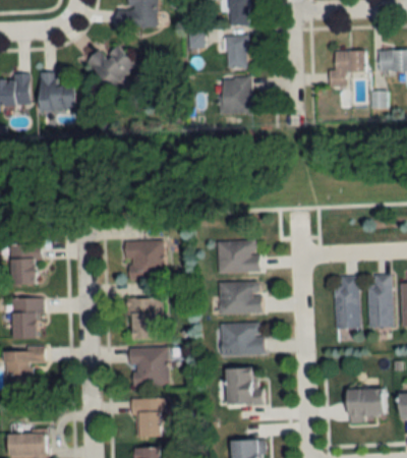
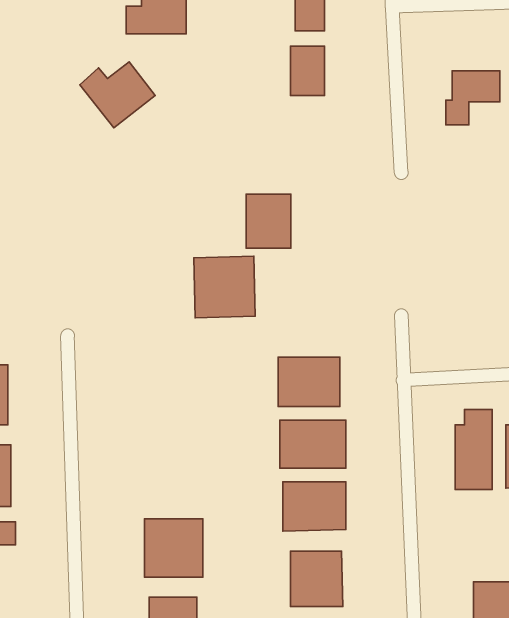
building: [39,71,73,109] -> none
building: [222,77,251,113] -> [246,194,291,248]
building: [124,240,165,281] -> [194,256,255,318]
building: [126,298,161,341] -> none

